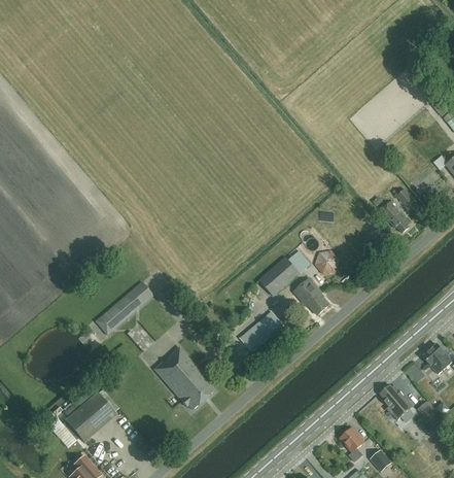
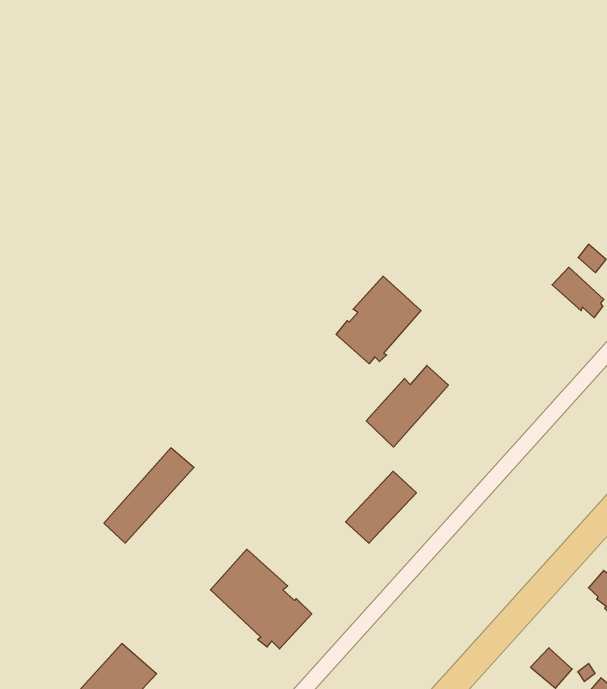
building: none -> [336,276,421,364]
building: [315,249,340,273] -> none
building: [293,277,329,314] -> none

